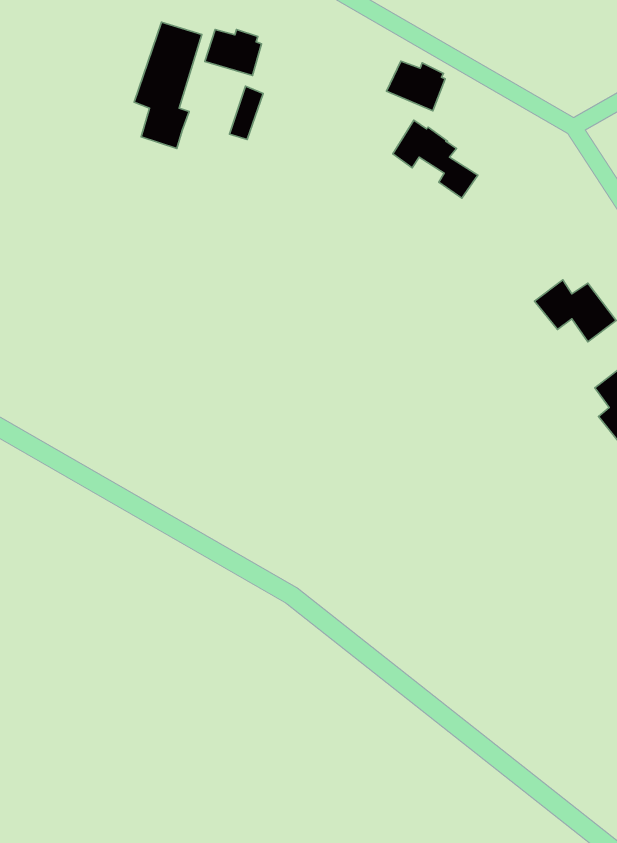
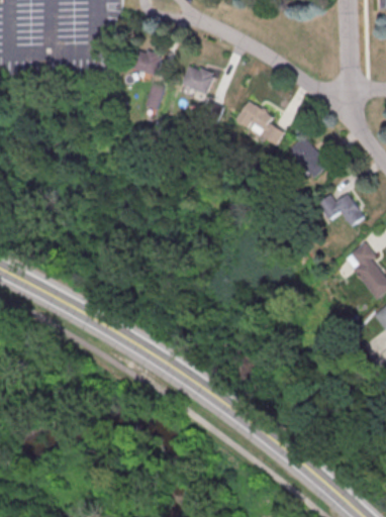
building: [134,22,202,149] -> none
building: [387,61,445,111] -> [181,67,214,95]
building: none -> [289,136,327,179]

